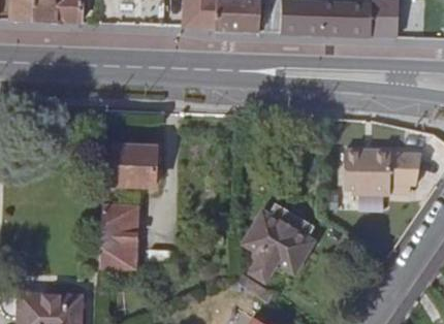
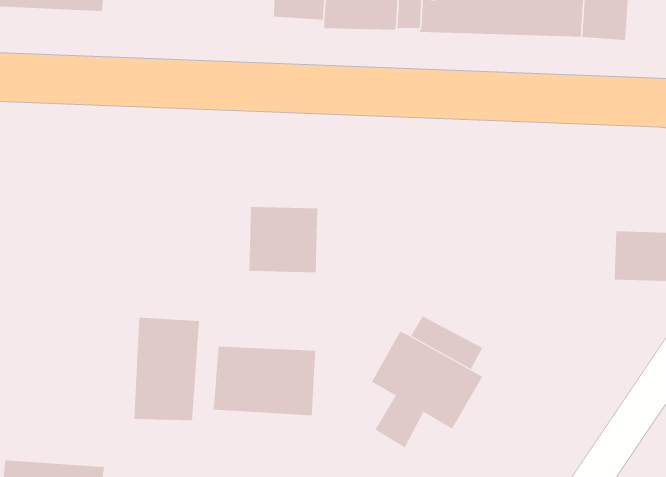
building: [114,147,156,187] -> [249,207,318,273]
building: [344,151,392,196] -> none
building: none -> [213,346,316,416]

